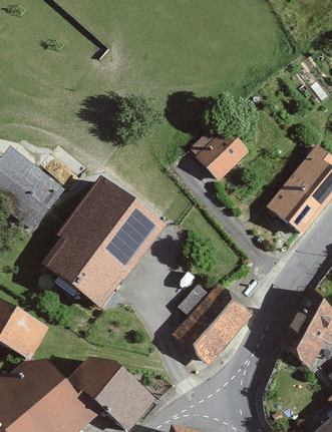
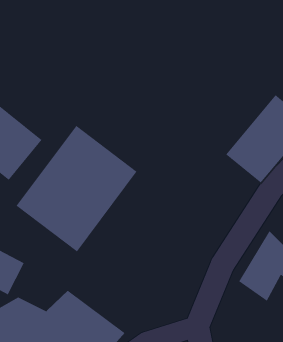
building: [189,118,254,181] -> none
building: [172,281,257,368] -> none

